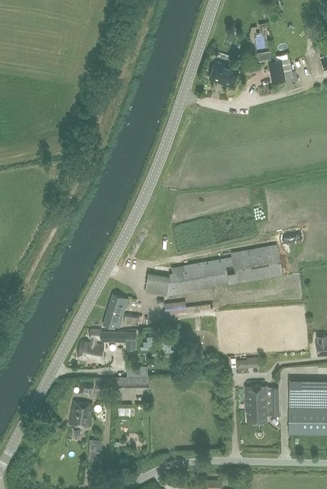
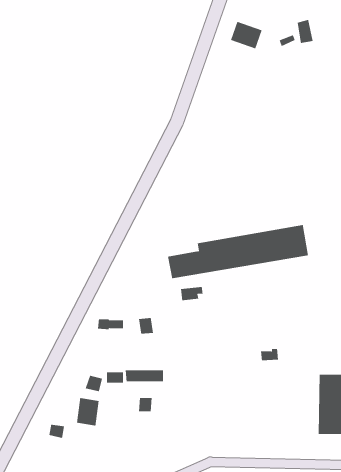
building: [103,295,128,328] -> none
building: [78,342,103,362] -> none
building: [245,386,279,422] -> none

